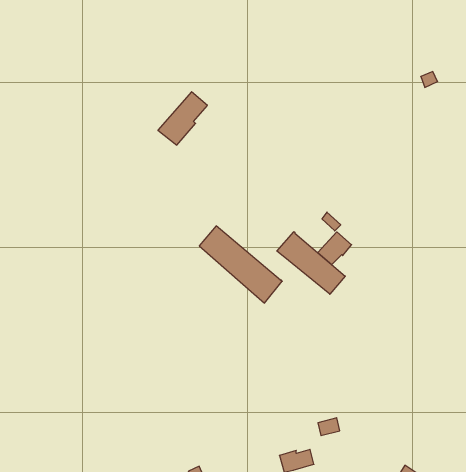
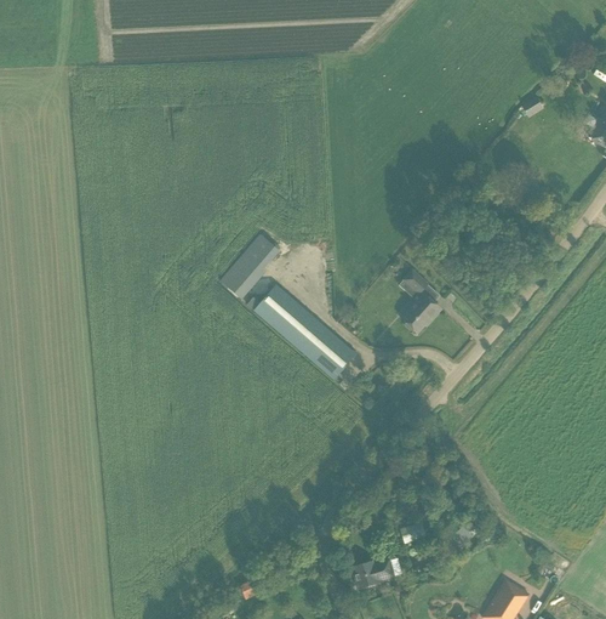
building: [158,92,207,145] -> [219,233,280,299]
building: [277,232,345,294] -> none

